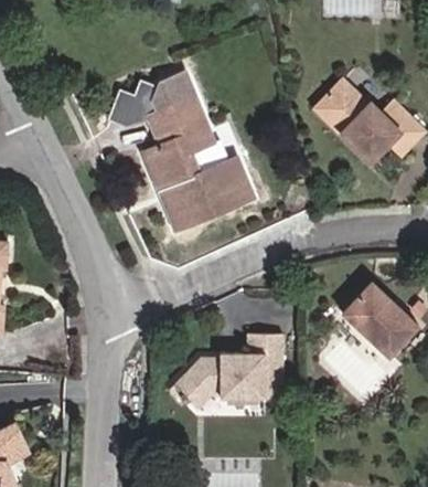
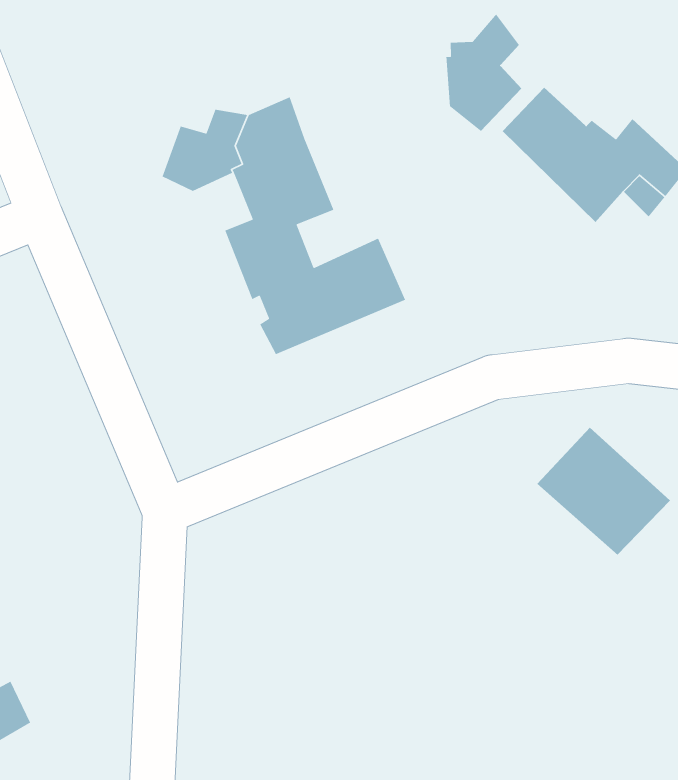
building: none -> [446,13,522,132]
building: [171,335,280,411] -> none

